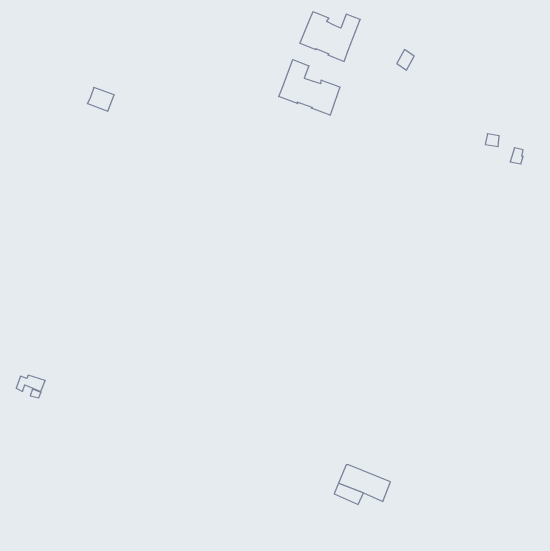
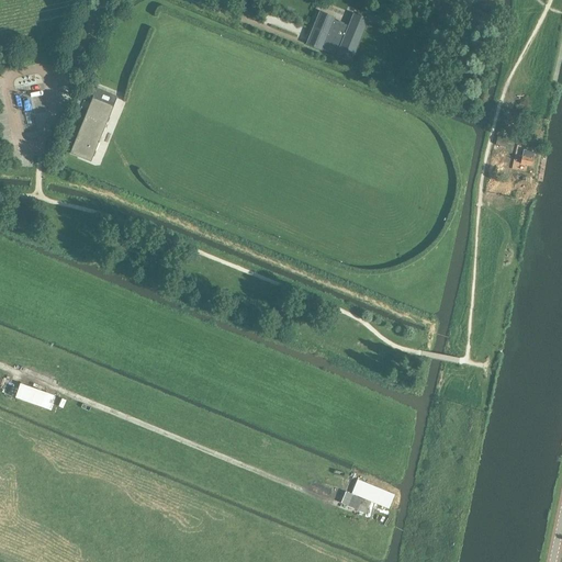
building: [279,60,340,115] -> none
building: none -> [69,109,108,161]

